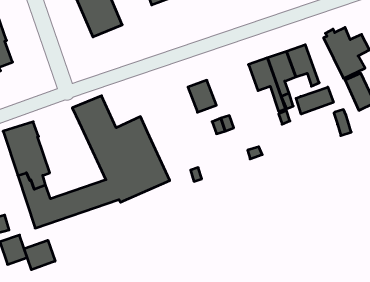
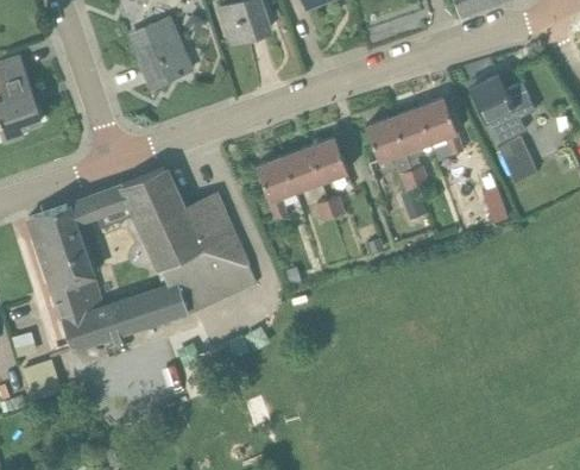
building: none -> [309,138,348,182]
building: none -> [257,157,296,219]
building: [296,87,333,114] -> none
building: none -> [87,186,133,218]
building: [24,240,55,270] -> none

